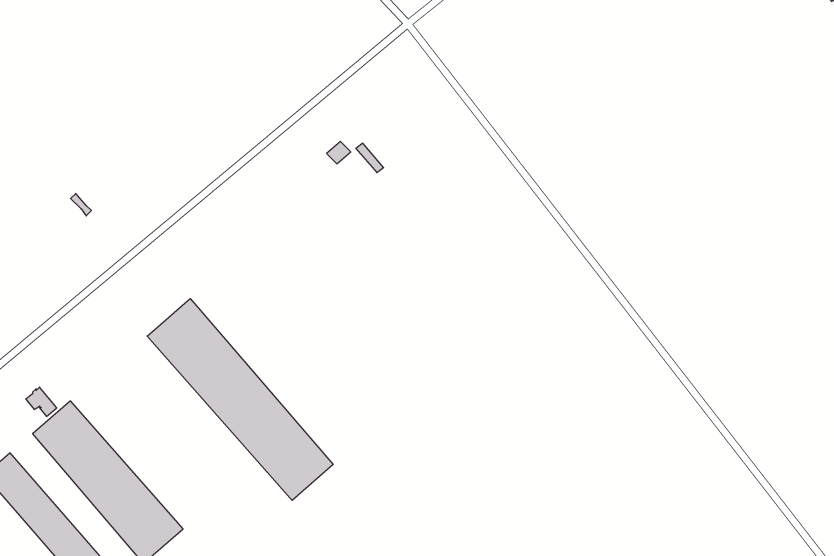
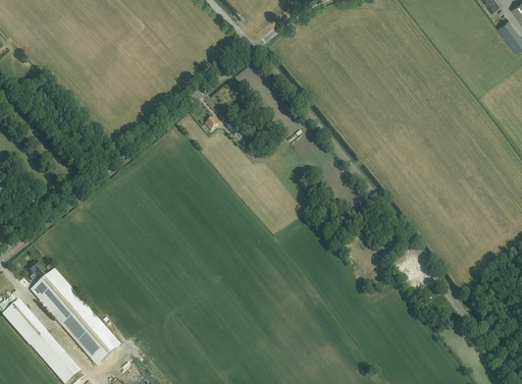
building: [147,299,333,500] -> none

